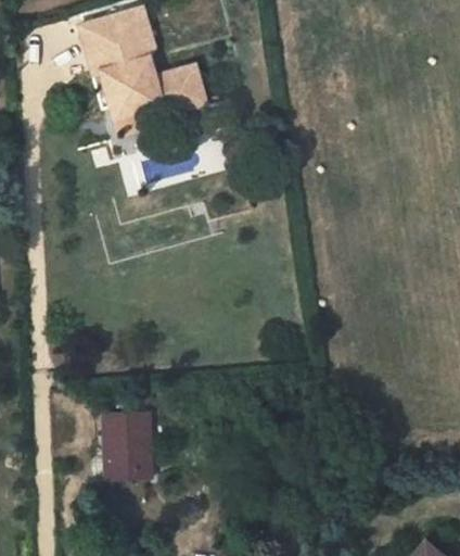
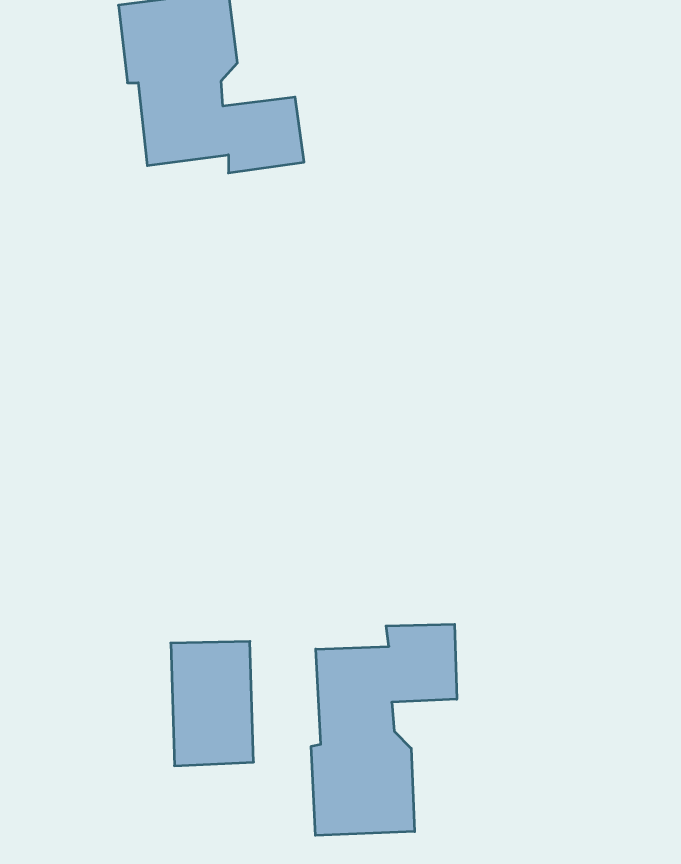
building: none -> [311,624,457,835]

